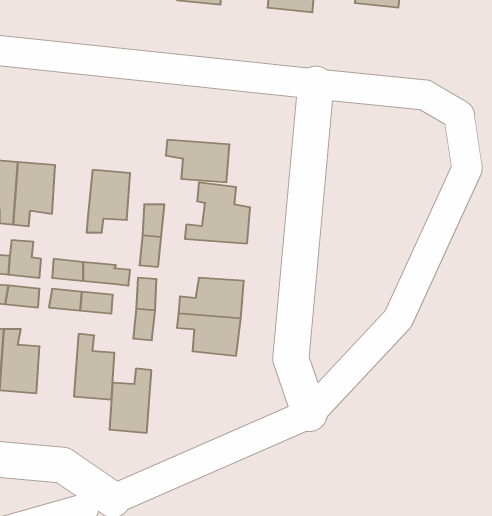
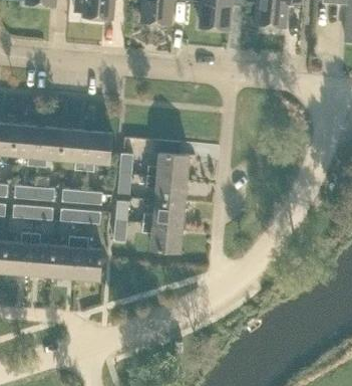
building: [166,140,230,182] -> [145,176,187,203]
building: none -> [61,129,87,172]
building: [109,369,151,433] -> [51,236,78,277]

